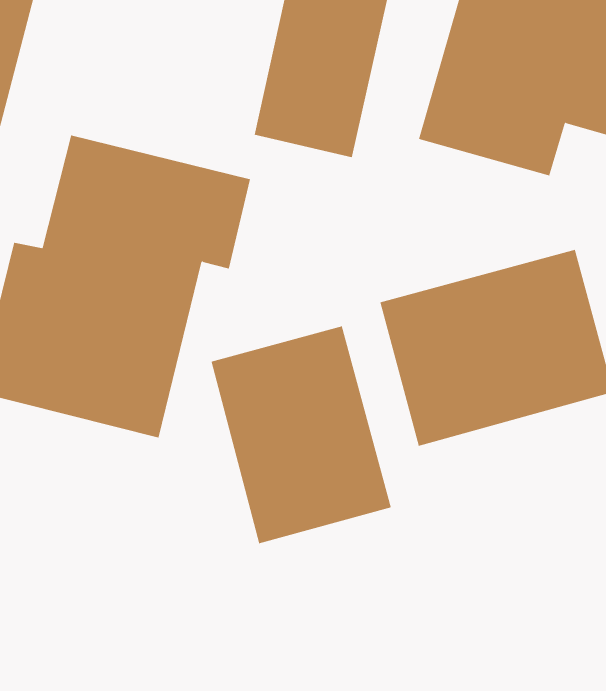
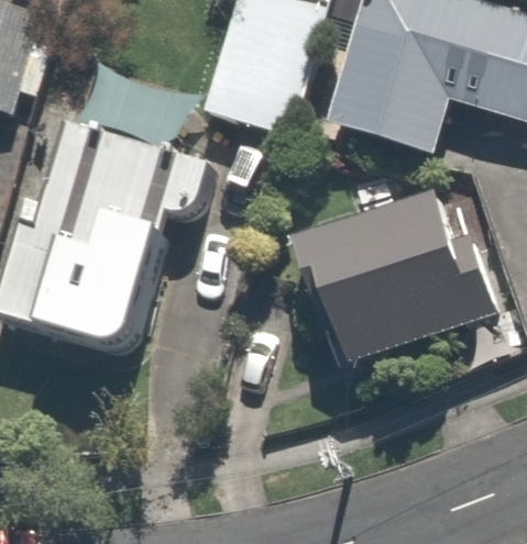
building: [211,326,391,544] -> none

